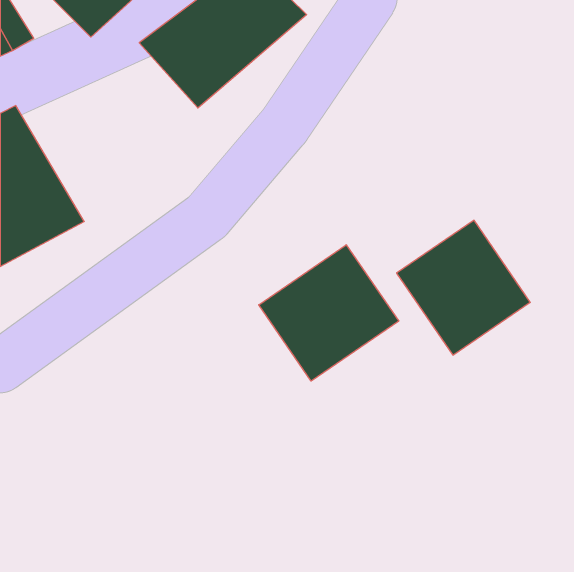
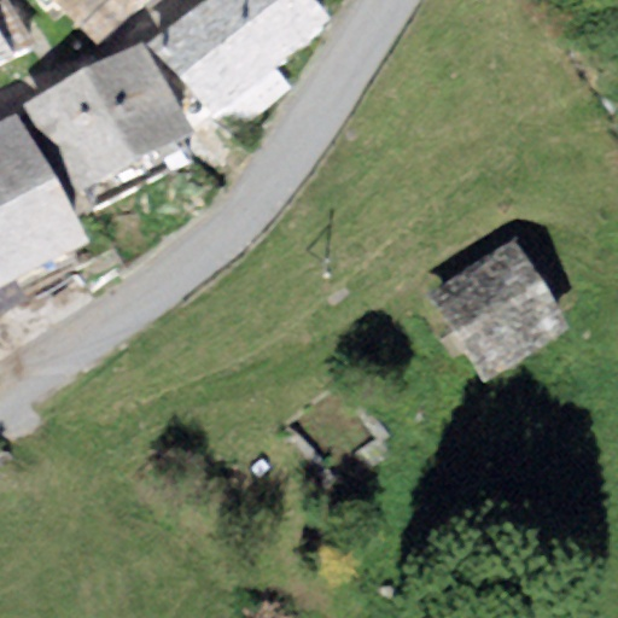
building: none -> [27,43,196,192]
building: [259,245,399,381] -> none

